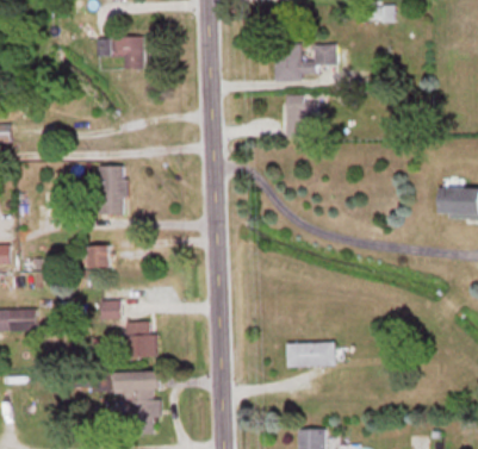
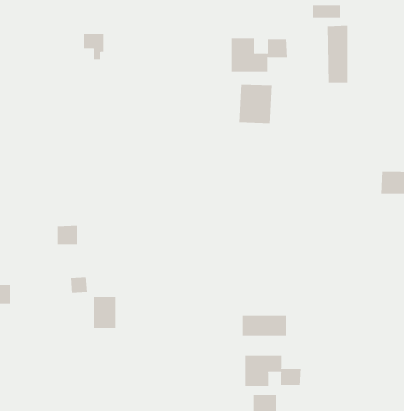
building: none -> [327,25,348,83]
building: [98,166,125,214] -> none
building: [114,370,160,420] -> none
building: none -> [245,355,301,387]

